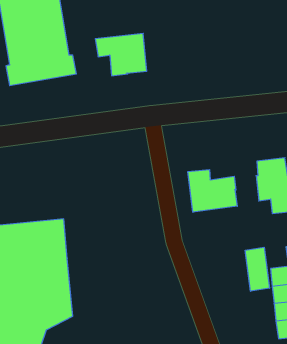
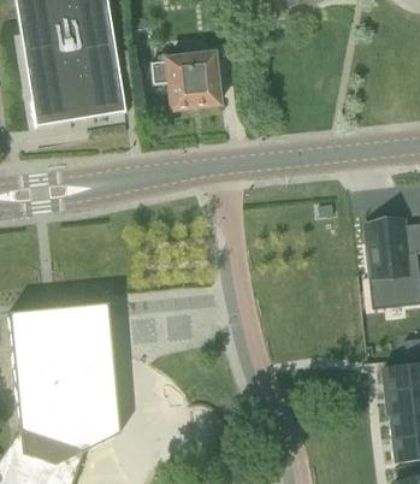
building: [188,170,237,212] -> none
building: [245,247,269,291] -> none

